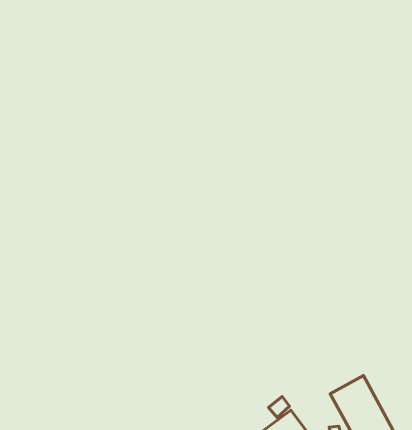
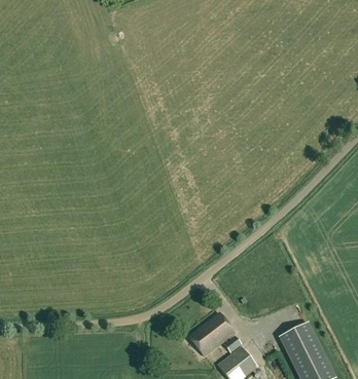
building: none -> [189,312,236,355]

